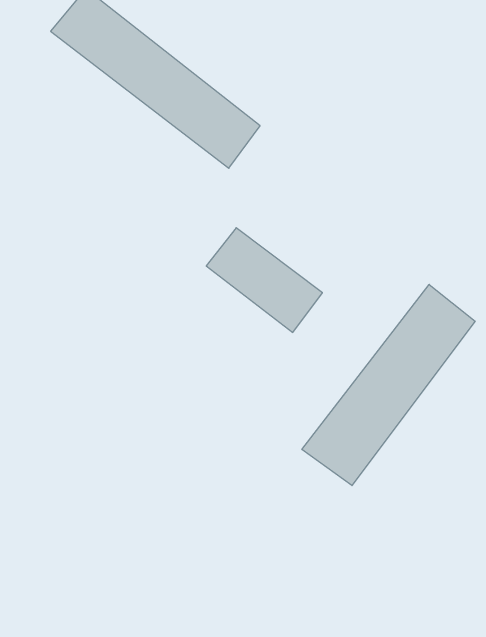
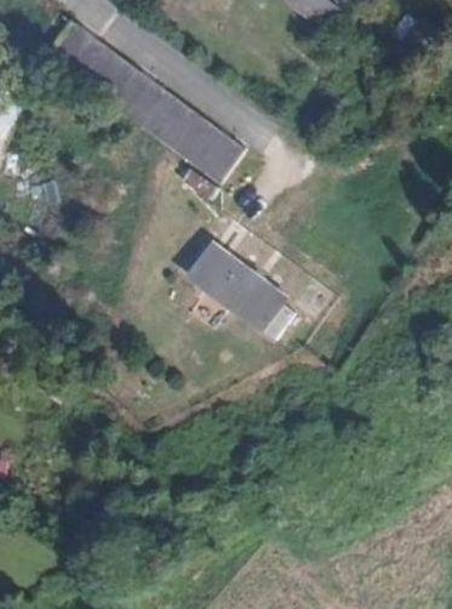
building: [302,284,475,486] -> none

